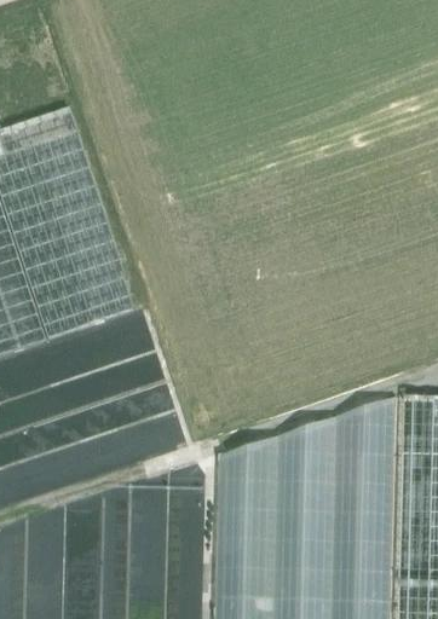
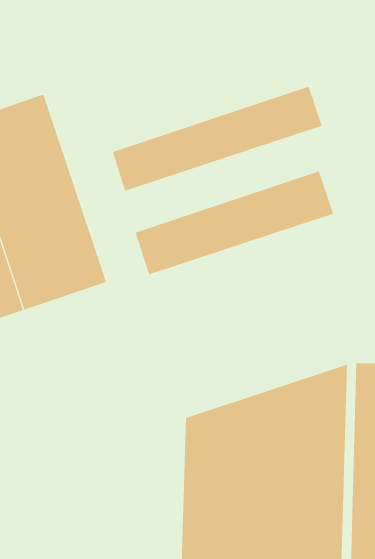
building: none -> [112,86,322,191]
building: none -> [135,171,334,275]

